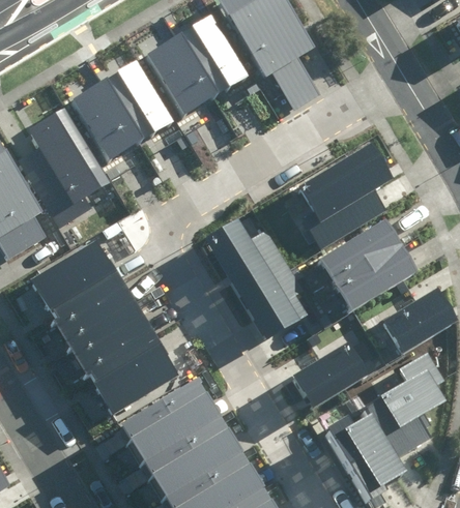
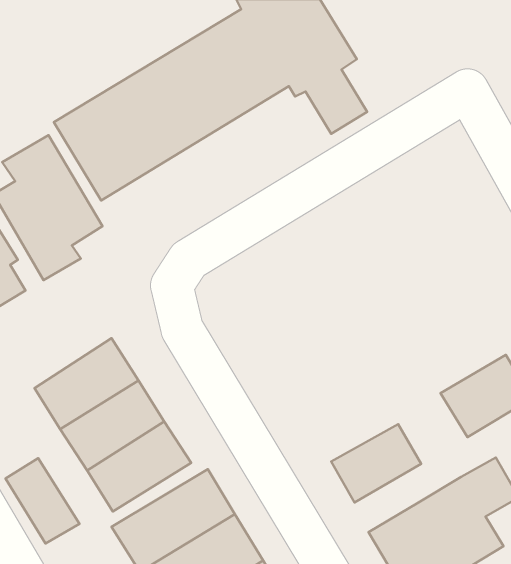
building: [297,145,391,240] -> none
building: [206,211,313,339] -> none
building: [322,222,416,309] -> none
building: [32,240,116,313] -> none
building: none -> [6,458,79,544]

